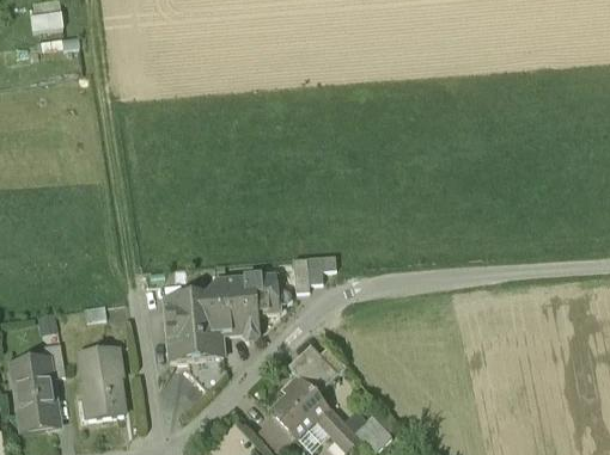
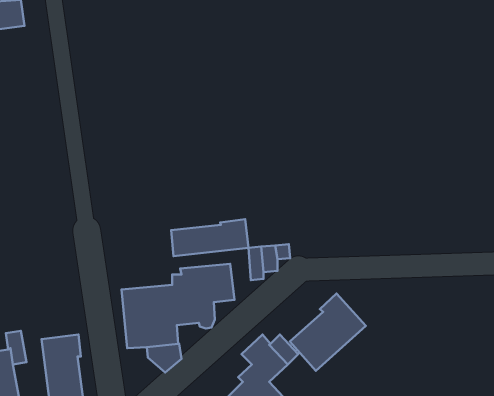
building: none -> [171,219,248,256]
building: none -> [290,294,366,371]

